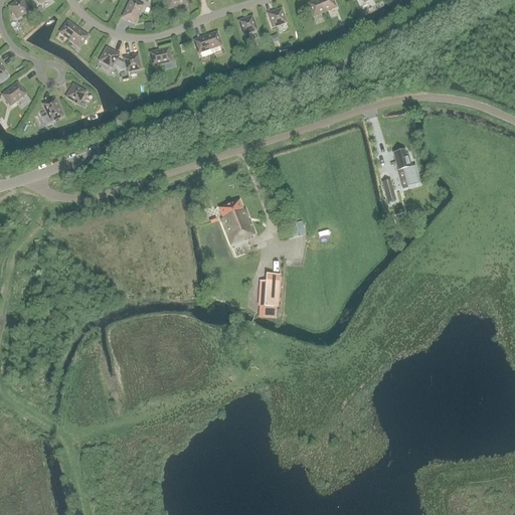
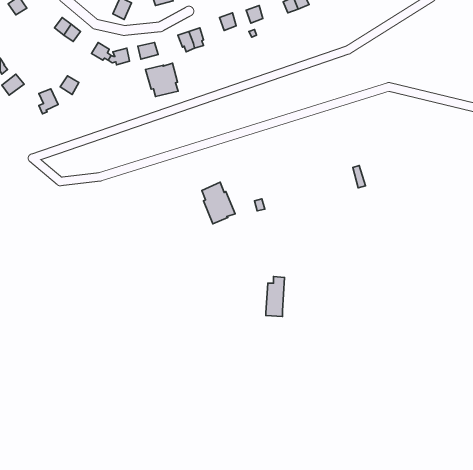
building: none -> [145,63,178,97]
building: [393,150,420,186] -> none
building: [259,274,279,317] -> [266,277,284,316]

